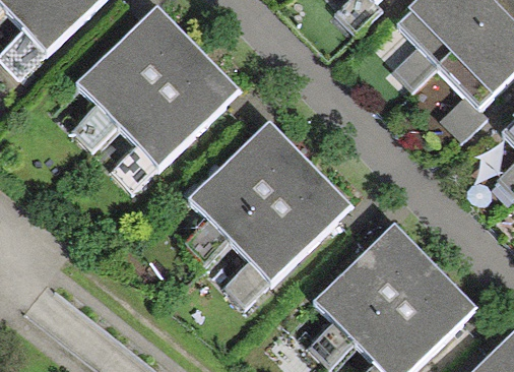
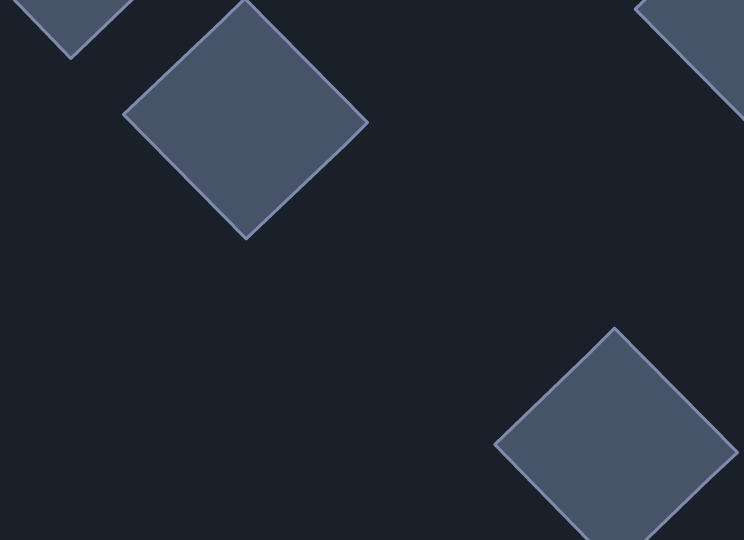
building: [191,124,345,278] -> none

